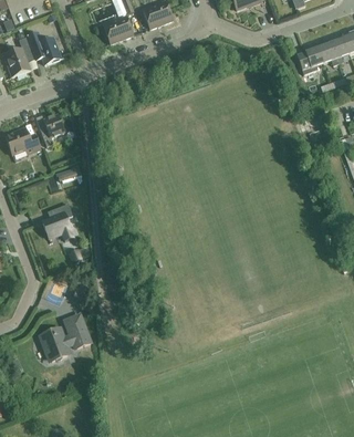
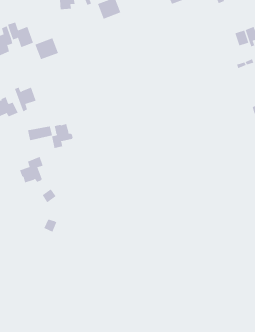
building: [103,14,134,43] -> [35,37,59,60]
building: [296,45,323,74] -> none
building: none -> [52,123,73,149]
building: [40,324,91,360] -> none

